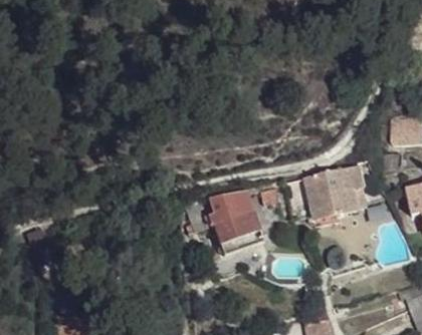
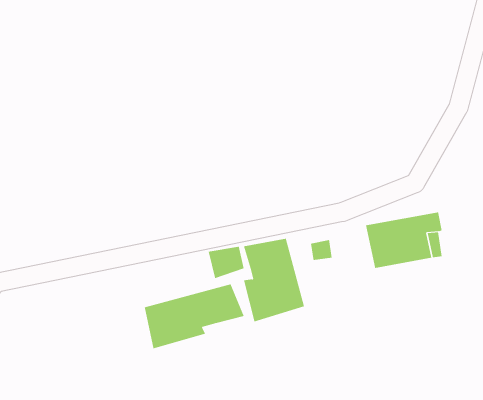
building: none -> [144,284,244,349]

